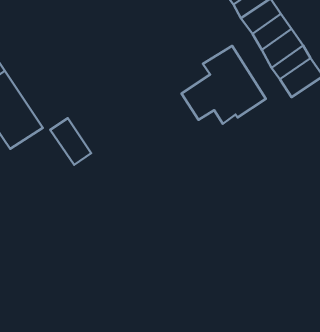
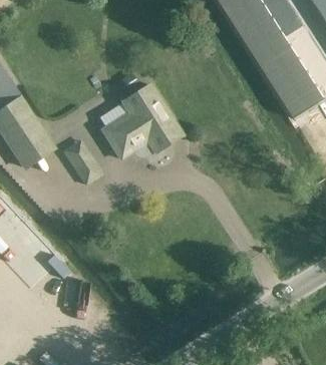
building: [182,46,266,124] -> [102,83,183,157]

